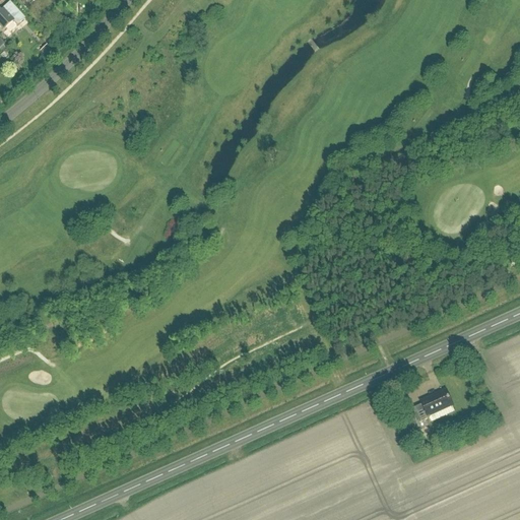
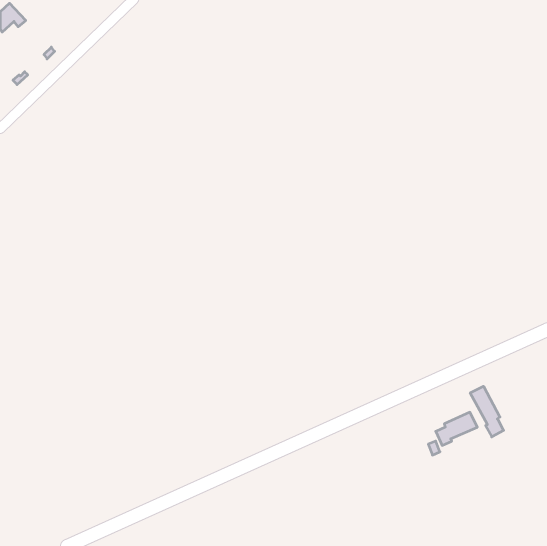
building: none -> [470,386,504,437]

